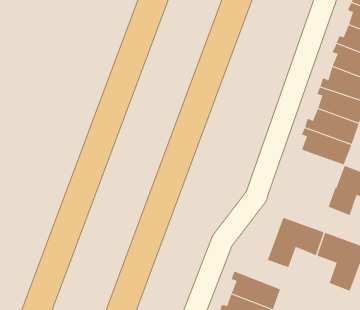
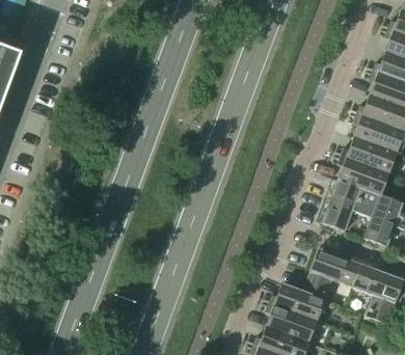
building: none -> [322,180,381,231]
building: none -> [269,283,325,322]

